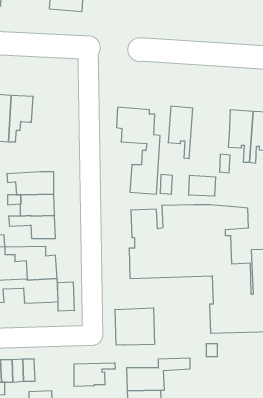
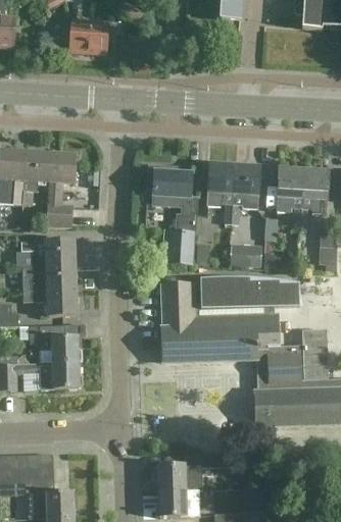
building: none -> [45,152,77,227]
building: none -> [231,165,260,223]
building: [58,282,74,311] -> none
building: [115,308,154,345] -> none
building: [74,363,115,386] -> none

